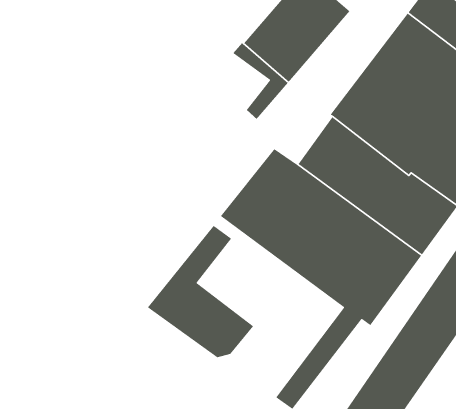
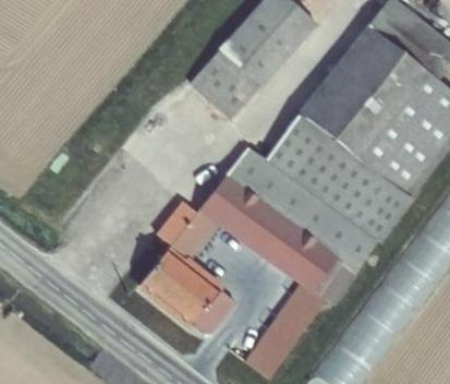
building: none -> [188,64,242,115]

